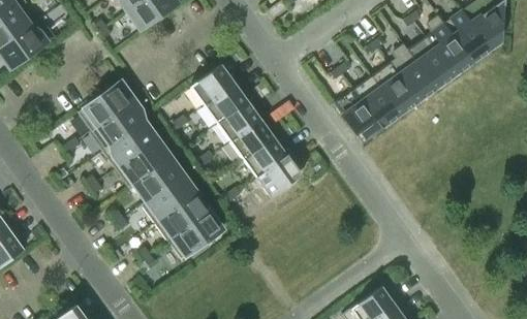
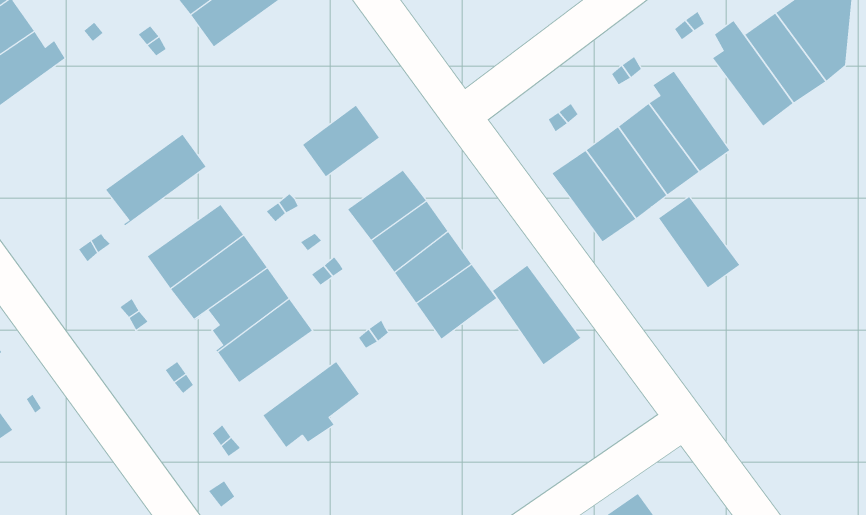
building: [403,37,454,90] -> [651,196,740,288]
building: [204,83,248,124] -> none
building: [89,99,144,151] -> none
building: none -> [492,265,581,365]
building: [154,193,210,242] -> none

